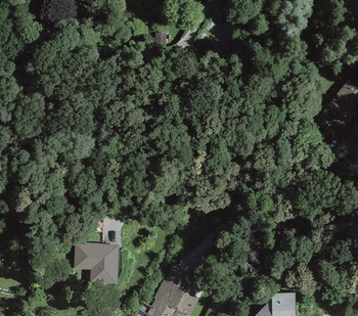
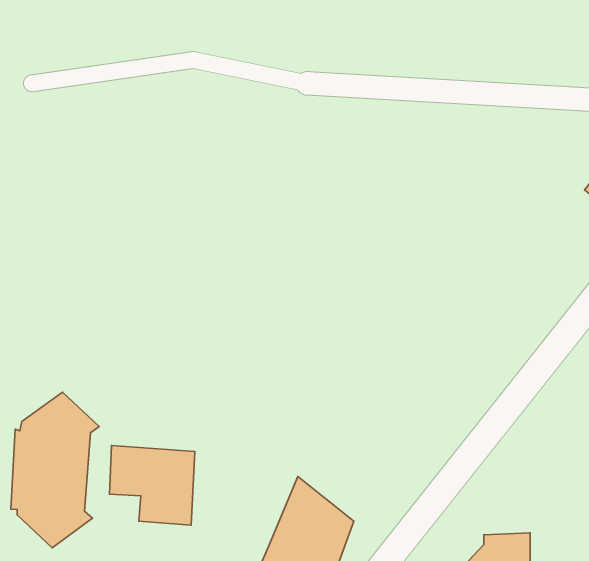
building: none -> [11,392,99,548]

